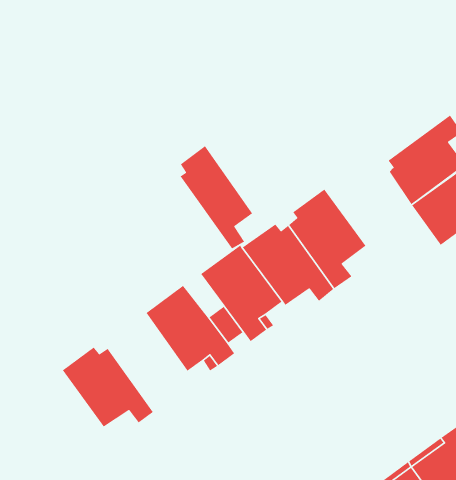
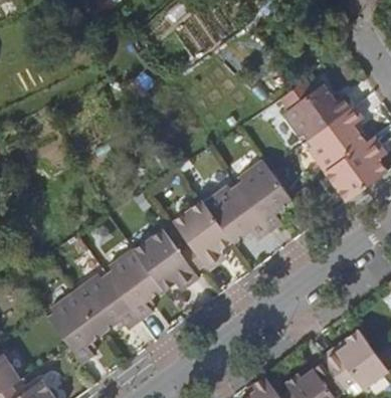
building: none -> [282,85,353,140]
building: [179,145,253,249] -> none
building: none -> [107,248,163,321]
building: none -> [47,290,104,363]

